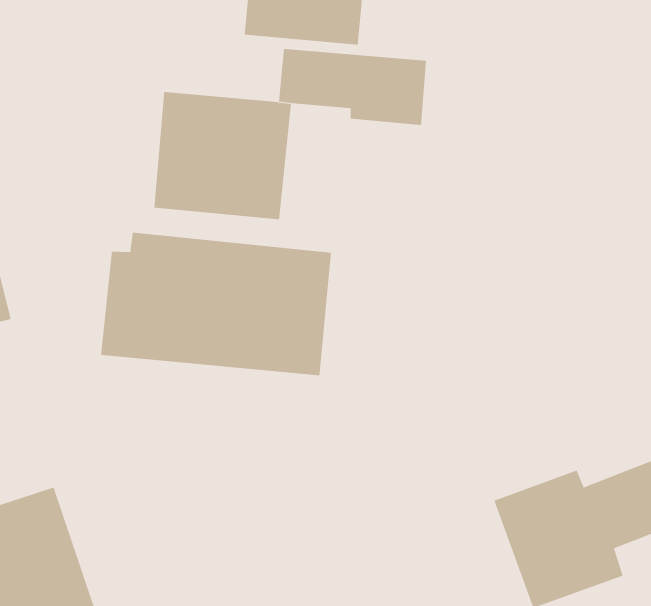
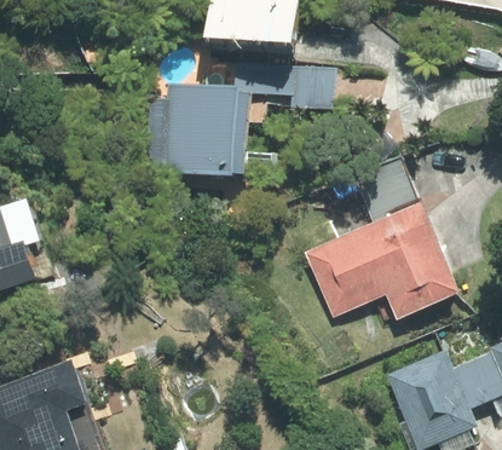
building: none -> [310,157,458,324]
building: [101,232,332,376] -> none

